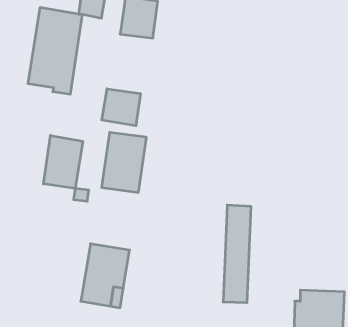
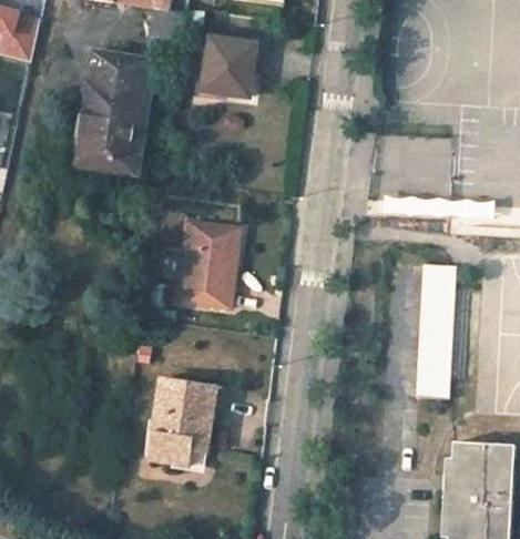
building: [102,89,141,126] -> none
building: [43,135,83,188] -> none
building: [223,205,251,303] -> [415,264,453,399]

